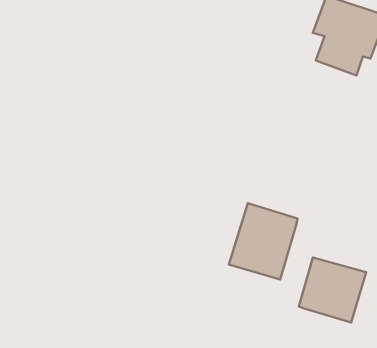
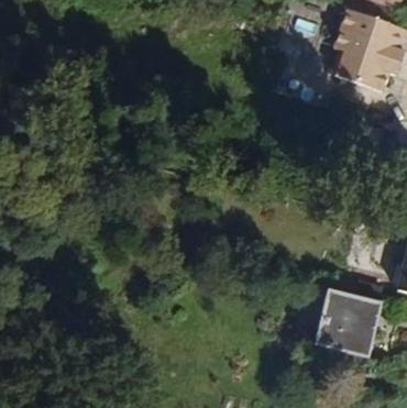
building: [229,203,298,280] -> none

